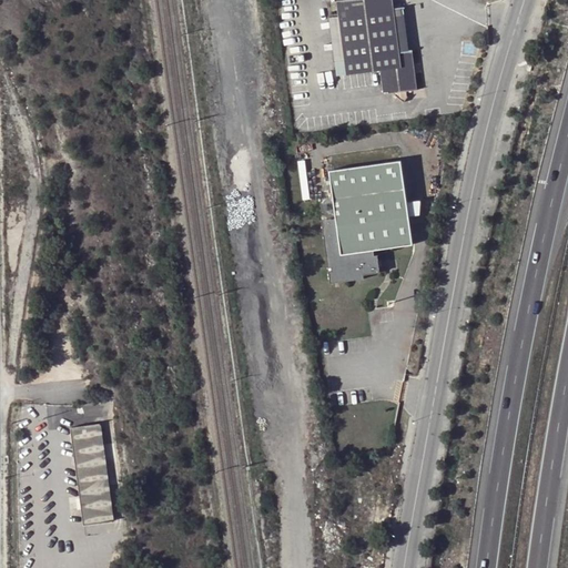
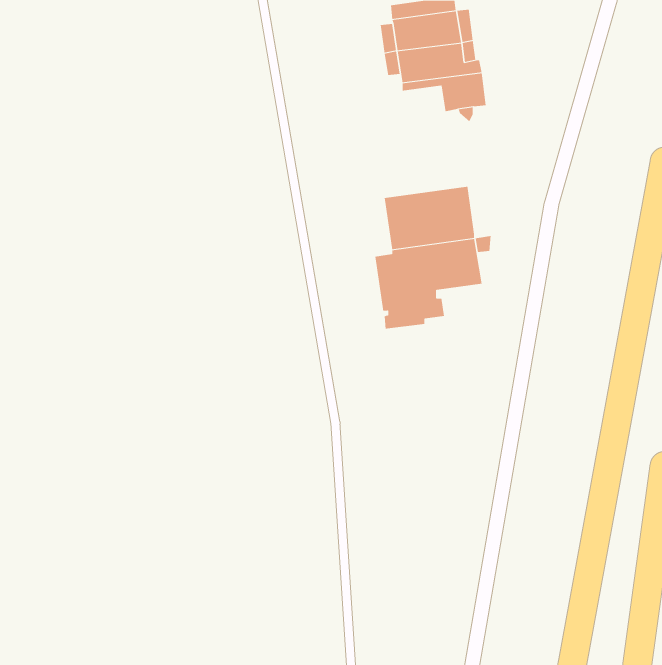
building: [72,423,114,525] -> none

